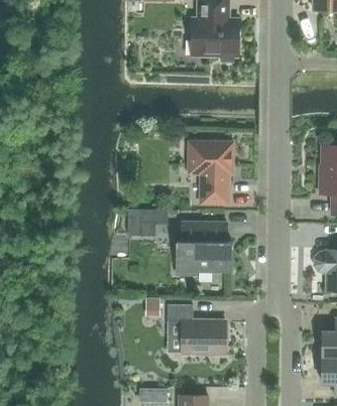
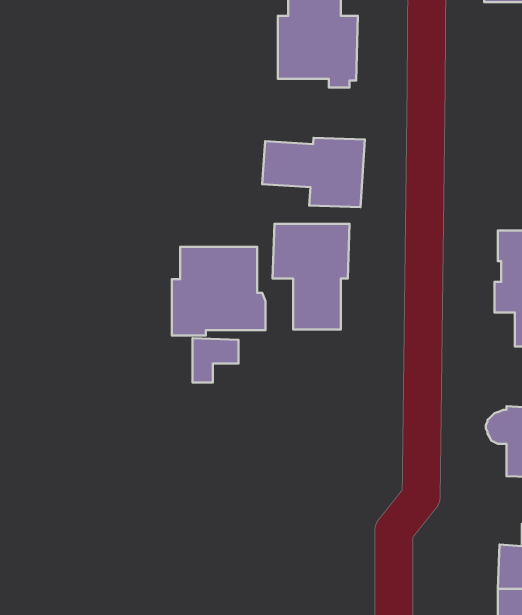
building: none -> [262,138,365,207]
building: [176,223,231,275] -> [172,247,266,335]
building: [166,305,225,355] -> none

